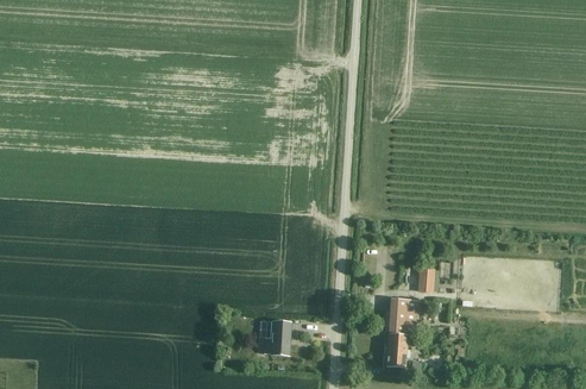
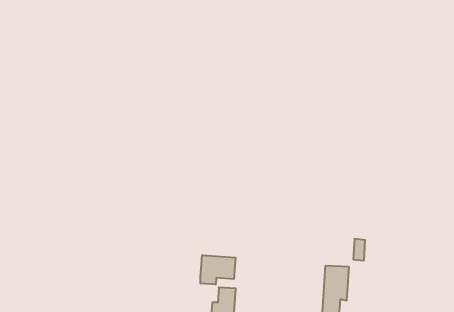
building: none -> [200,255,236,285]

